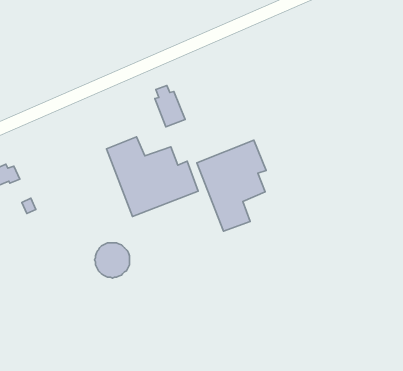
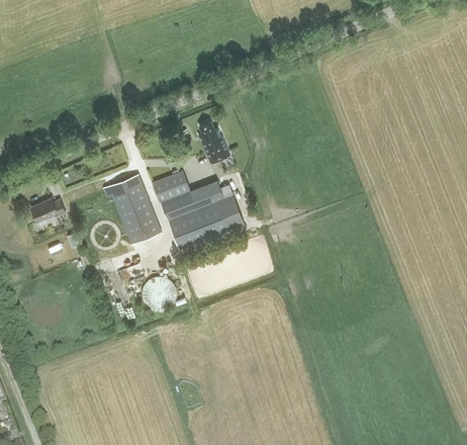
building: [197,140,266,231] -> none
building: none -> [103,174,162,244]

